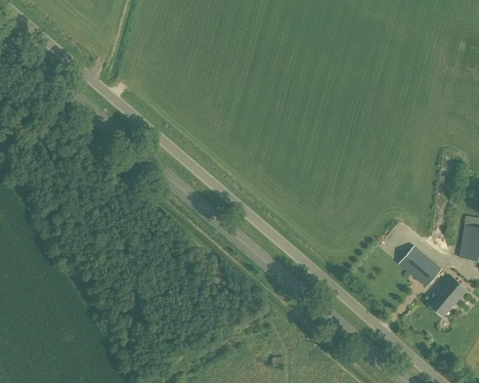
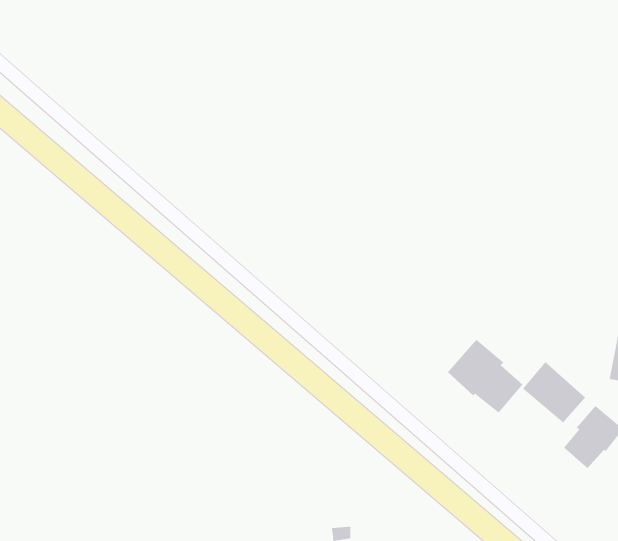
building: none -> [447,339,523,414]

